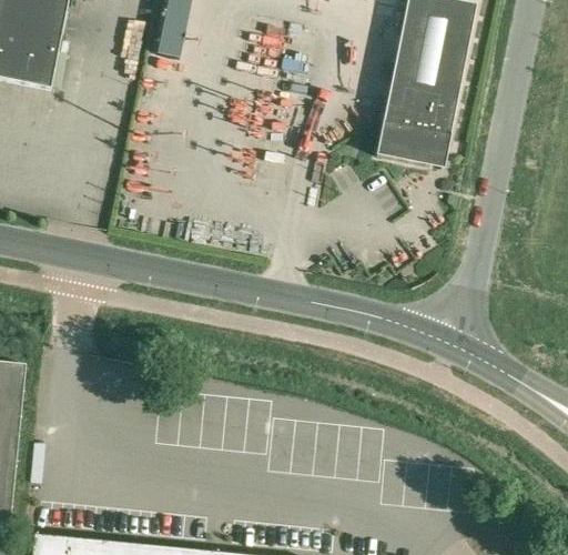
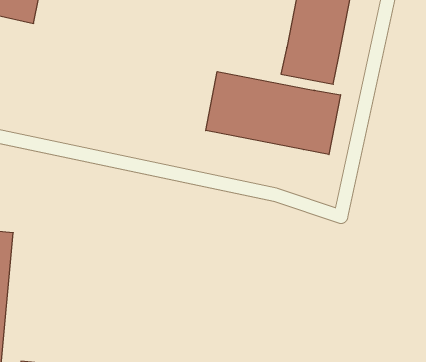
building: none -> [206,72,341,155]

